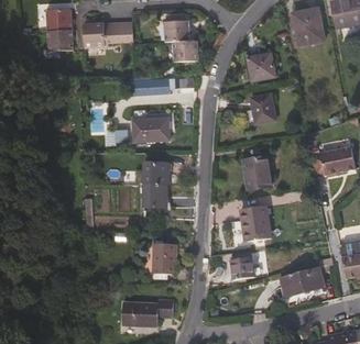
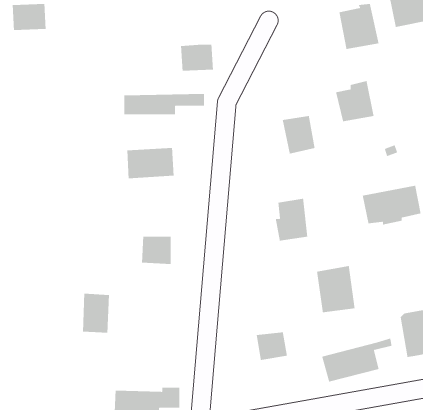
building: [163,12,189,41] -> none
building: [83,21,133,45] -> none
building: [46,29,73,51] -> none
building: [247,48,276,80] -> [335,80,374,122]
building: [144,163,167,185] -> none
building: [240,204,270,241] -> [316,265,355,313]
building: [154,243,175,274] -> [82,293,110,334]

